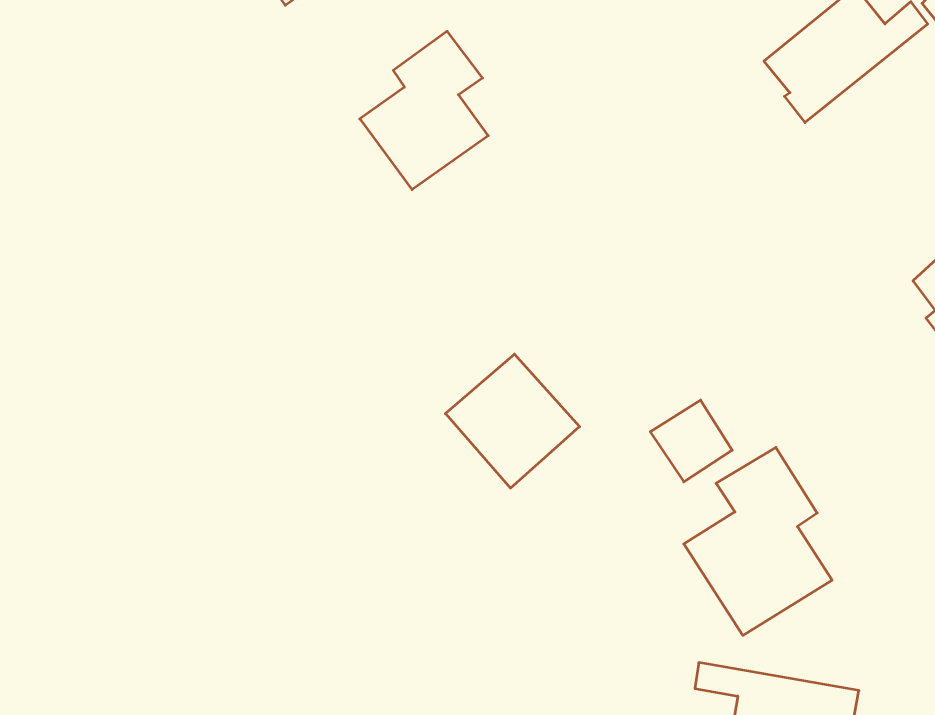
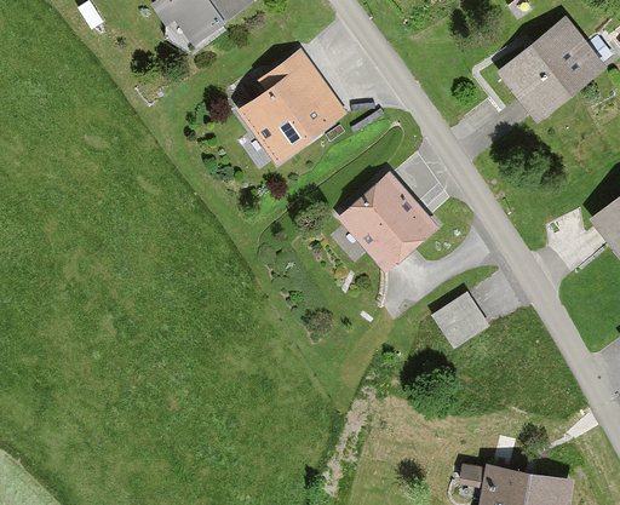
building: [445,354,580,488] -> [344,177,431,264]
building: [684,447,832,635] -> none

